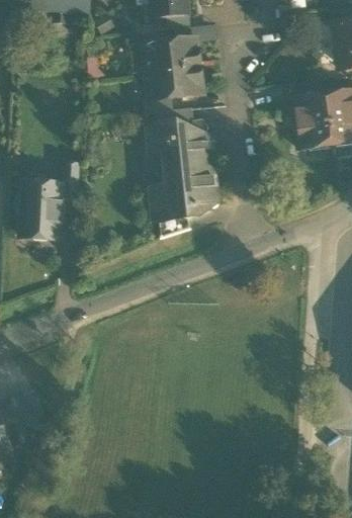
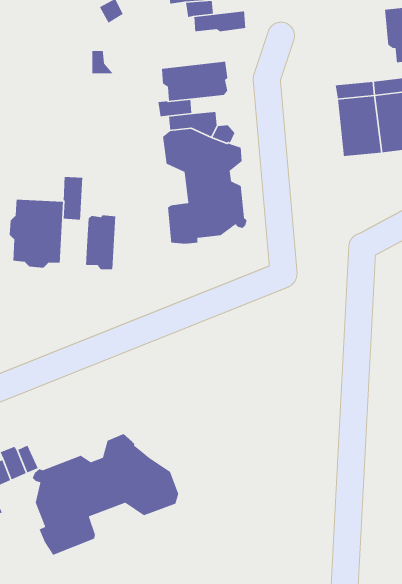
building: [146,39,201,72] -> none
building: none -> [85,215,116,270]
building: none -> [32,433,179,556]

